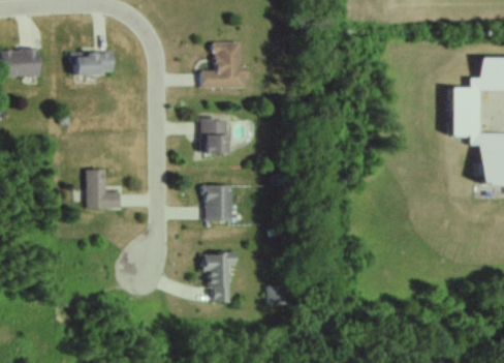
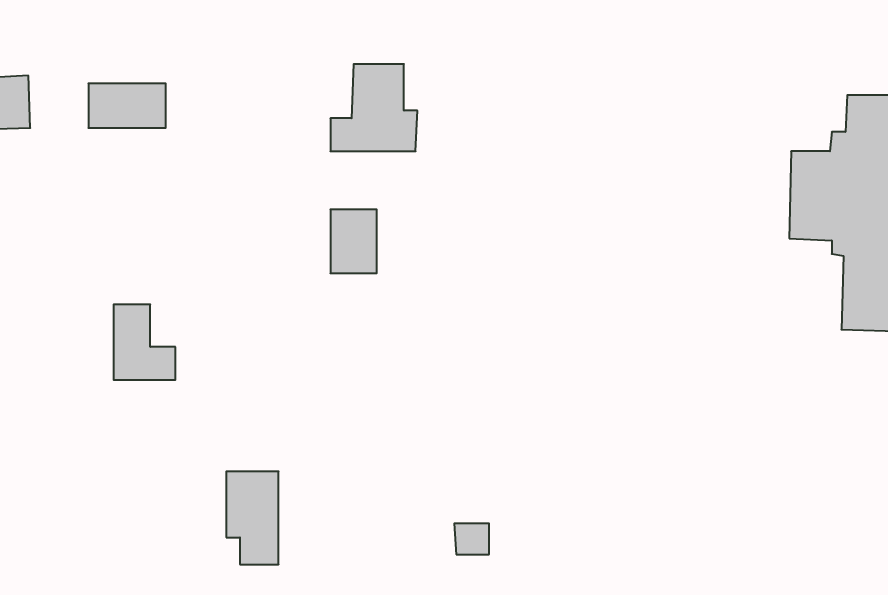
building: [204,185,232,220] -> none
building: [203,252,231,302] -> [226,471,279,564]

